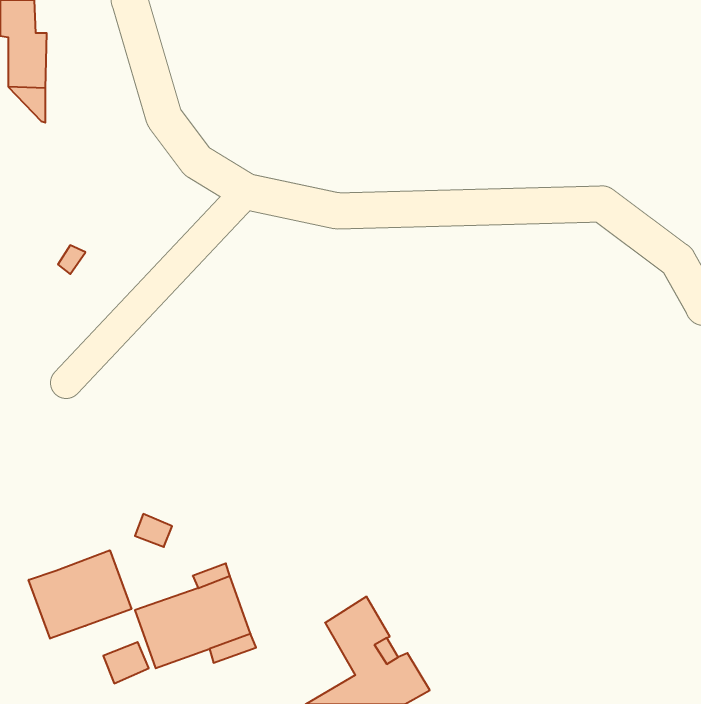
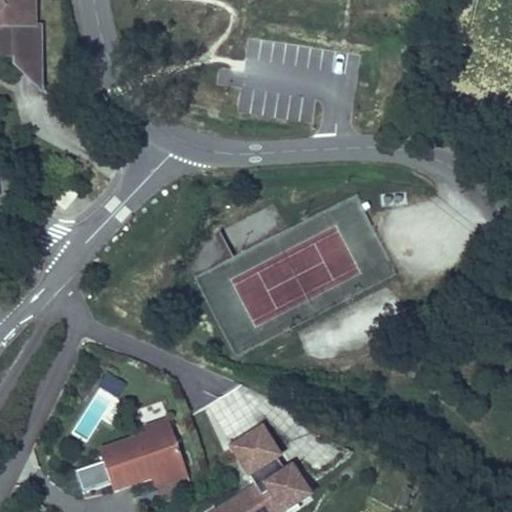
building: [29,550,131,639] -> none

